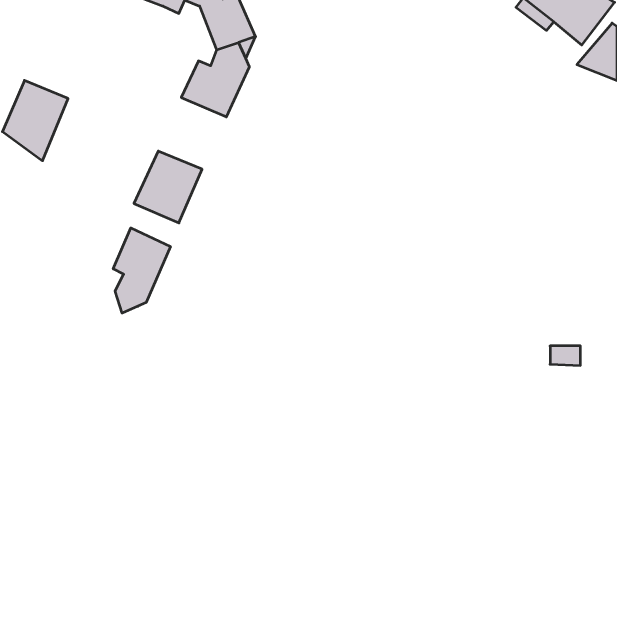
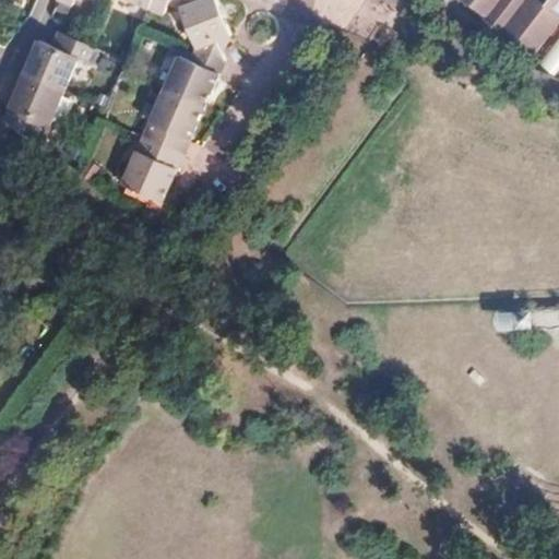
building: none -> [22,31,94,88]
building: none -> [142,87,203,152]
building: [113,228,170,313] -> none

